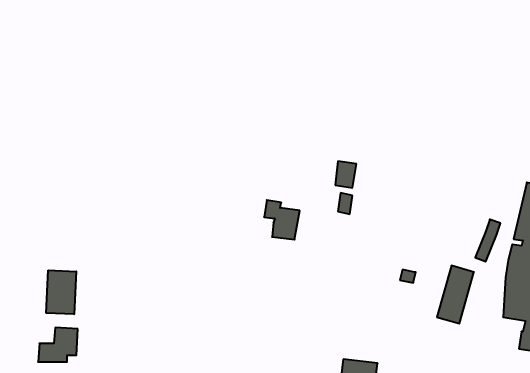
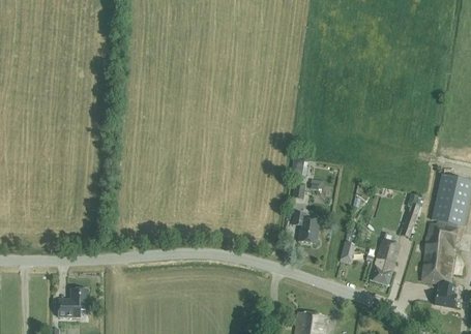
building: [264,200,300,240] -> [292,211,320,242]
building: [46,270,76,314] -> none

